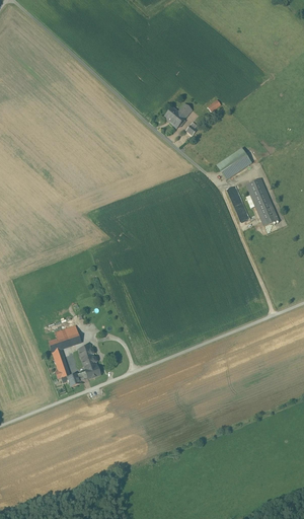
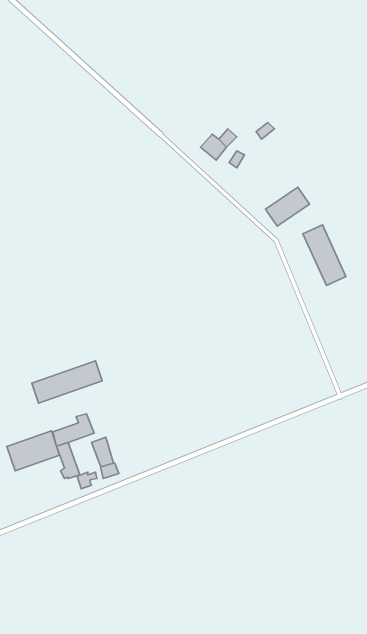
building: none -> [32,361,102,403]
building: none -> [7,431,60,471]

